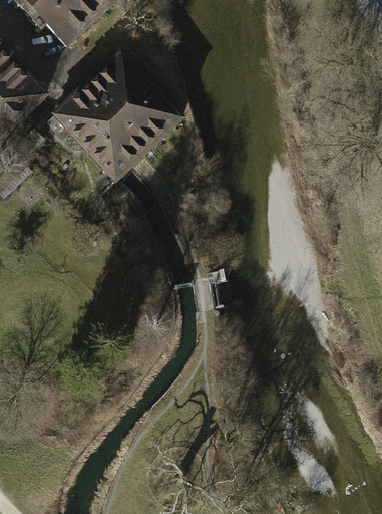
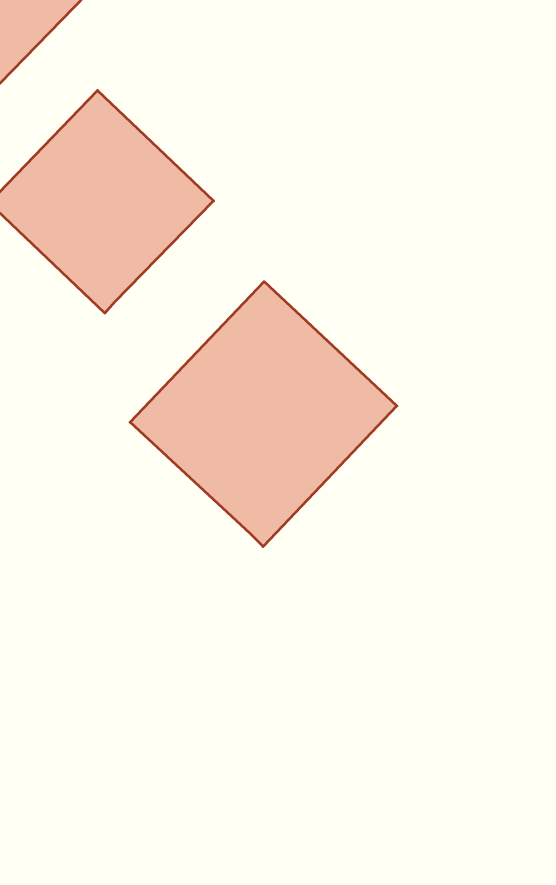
building: none -> [130,282,397,547]

